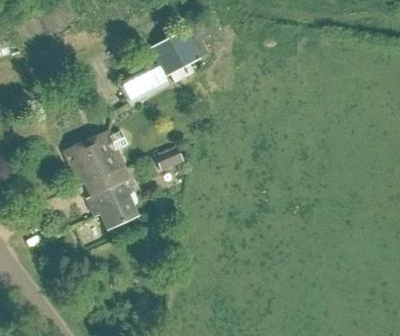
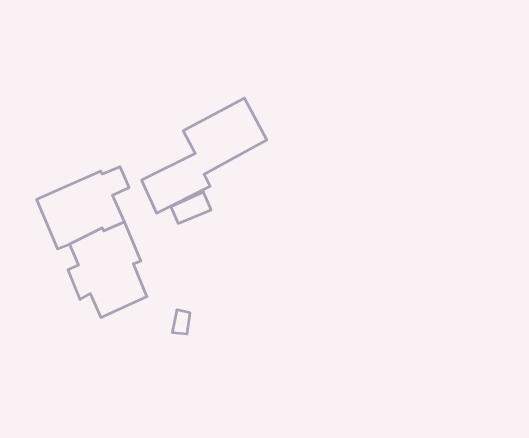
building: [121,24,206,102] -> [142,98,267,213]

